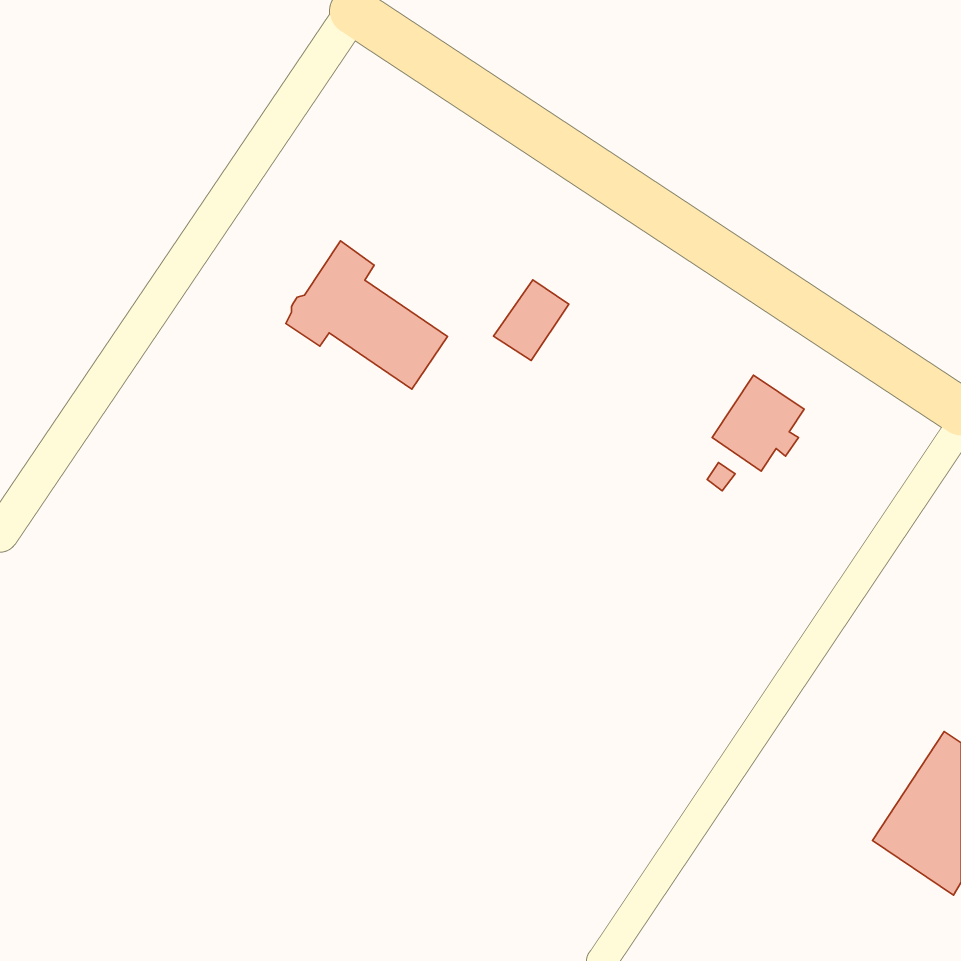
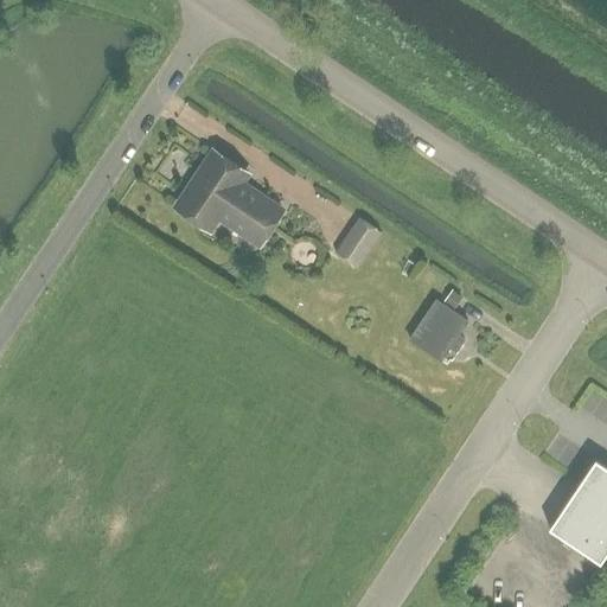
building: [493,280,569,361] -> [334,217,382,268]
building: [712,375,804,471] -> [410,301,468,362]

